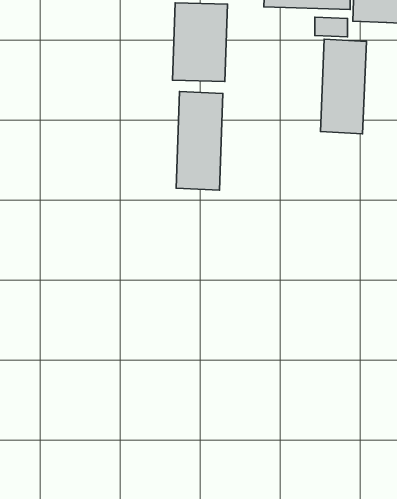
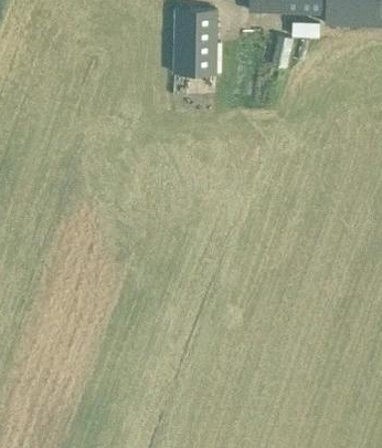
building: [320,39,366,134] -> none
building: [176,92,223,190] -> none

